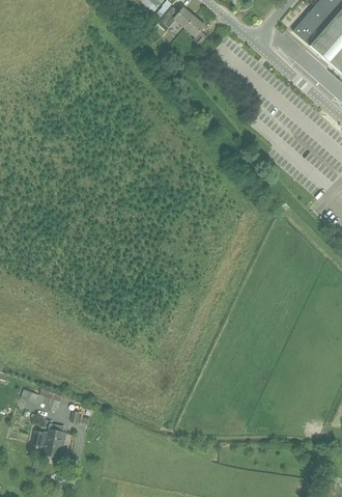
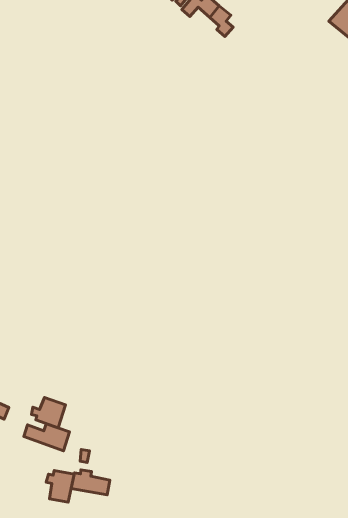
building: none -> [31,397,66,428]
building: none -> [71,470,110,495]

